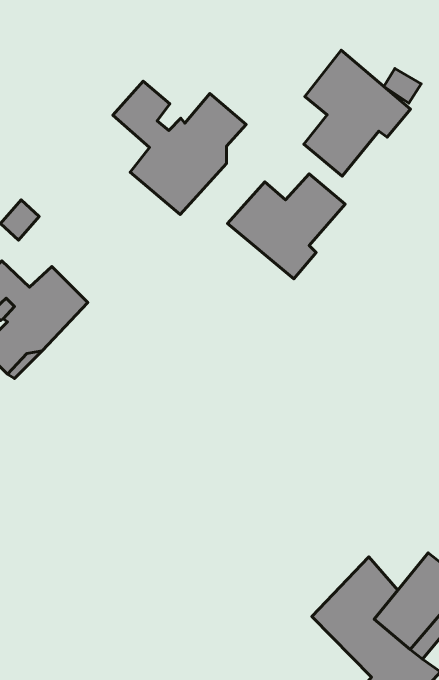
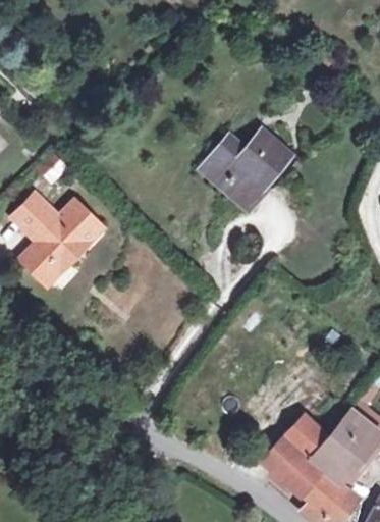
building: [304,50,411,176] -> none
building: [113,81,246,214] -> none

